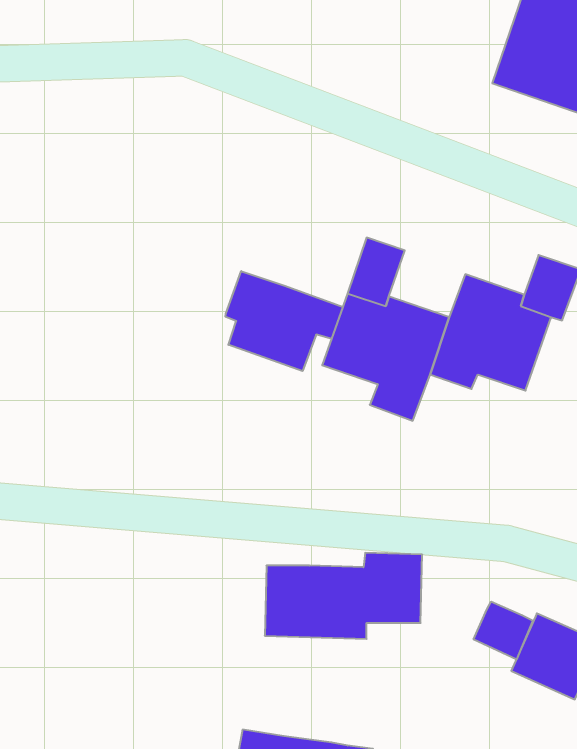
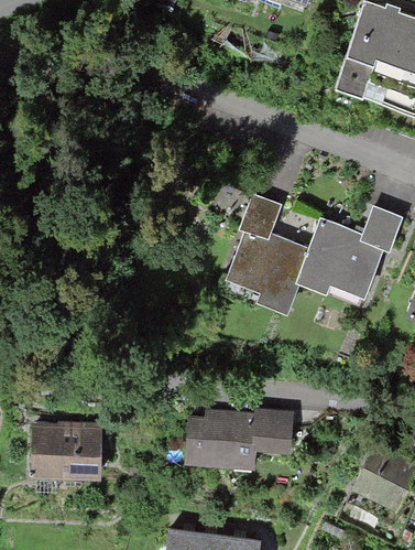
building: [225,271,343,371] -> none
building: none -> [30,420,103,482]
building: [474,602,533,659] -> none

